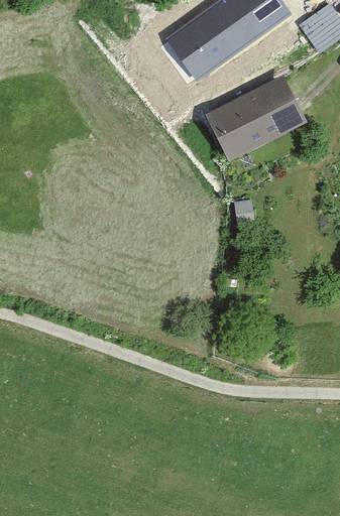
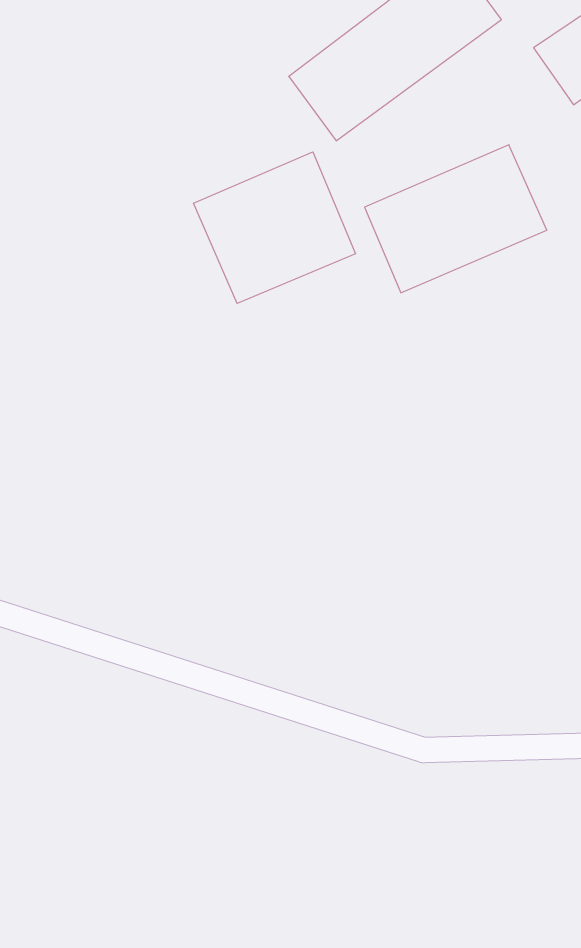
building: none -> [194,152,355,303]

